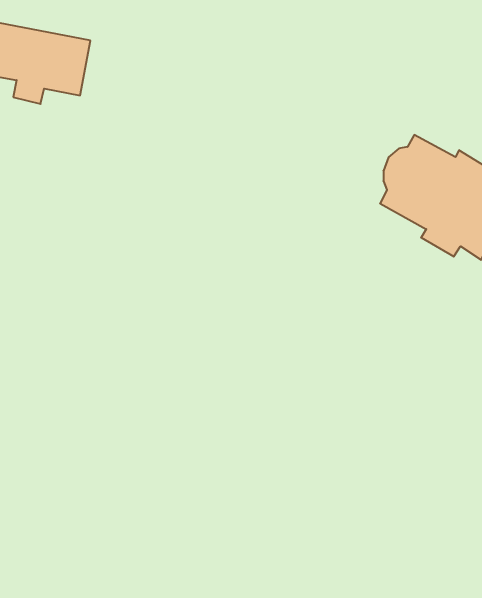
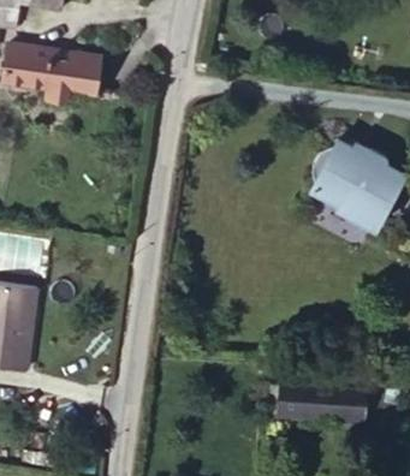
building: none -> [279,387,364,423]

